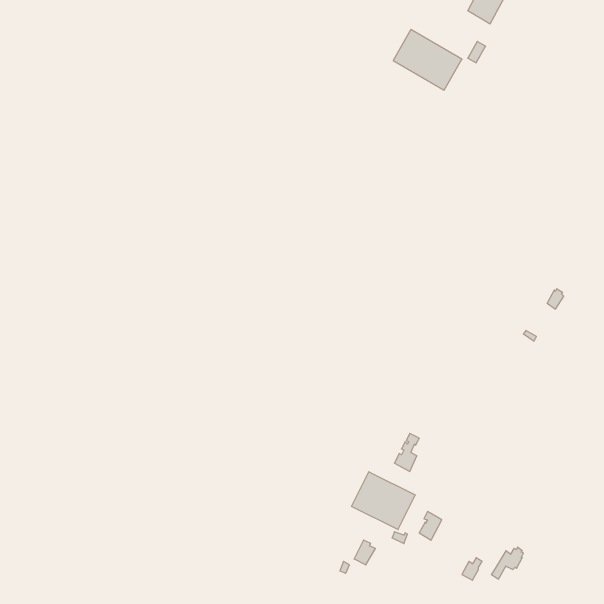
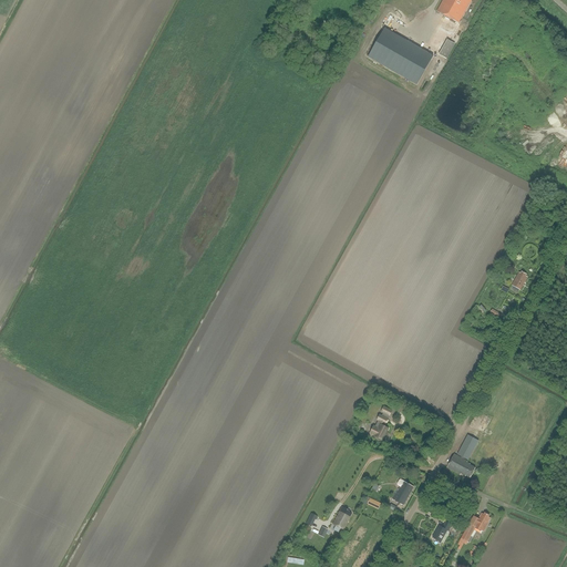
building: none -> [446,434,477,477]
building: [352,472,415,530] -> none

